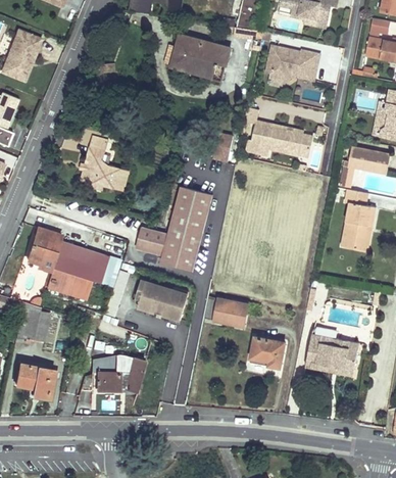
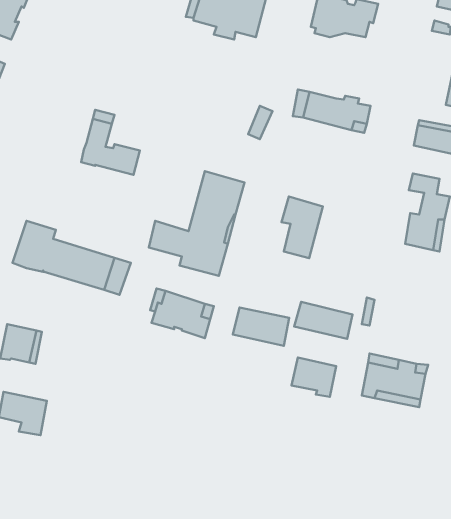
building: none -> [281,197,323,258]
building: [46,267,93,298] -> none
building: none -> [294,302,352,339]
building: [91,353,145,392] -> none

